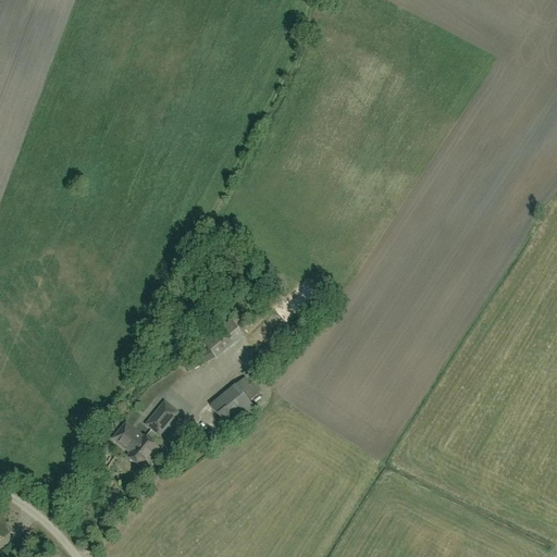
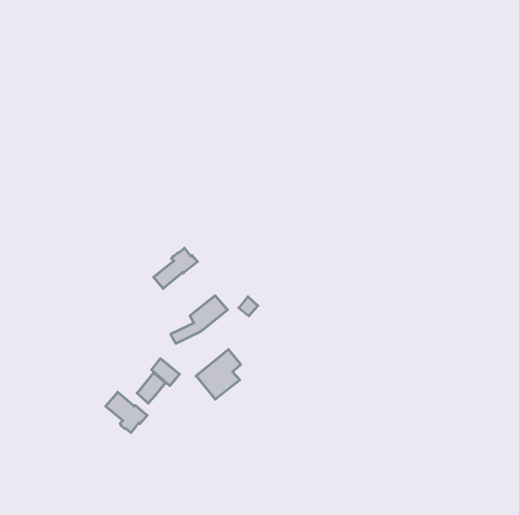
building: none -> [154,248,198,289]
building: none -> [152,359,180,386]

